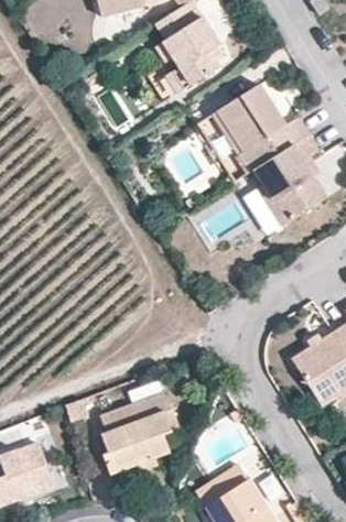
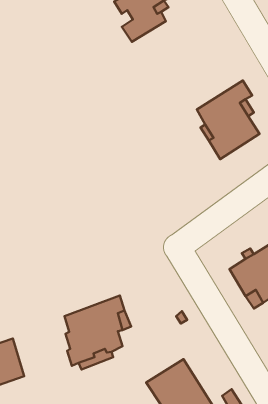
building: [216,88,309,176] -> none

